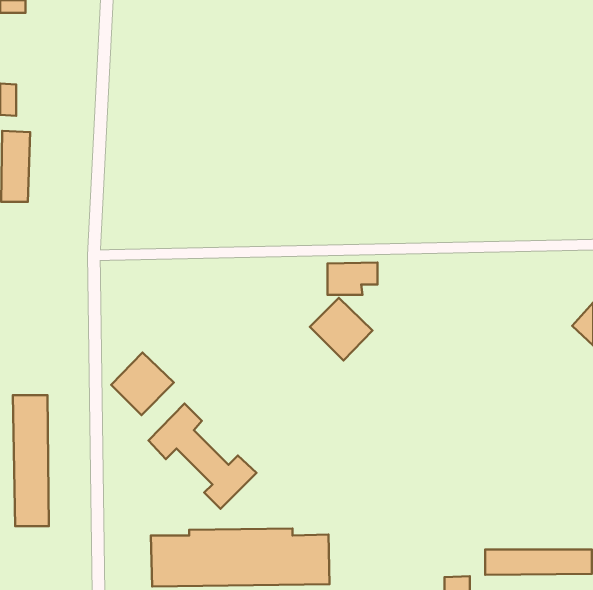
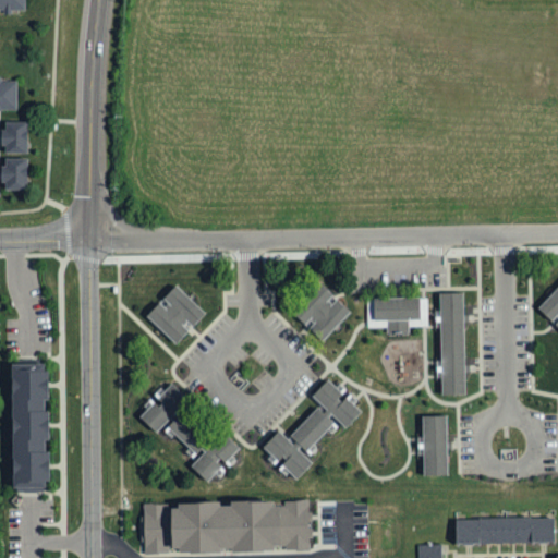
building: [328,262,378,295] -> [373,298,420,328]
building: none -> [438,292,465,396]
building: [111,352,174,415] -> [146,284,205,343]
building: none -> [262,379,362,480]
building: none -> [422,415,448,475]

